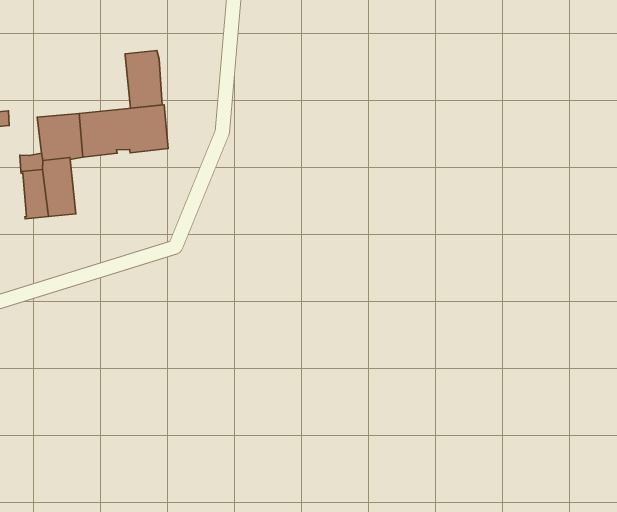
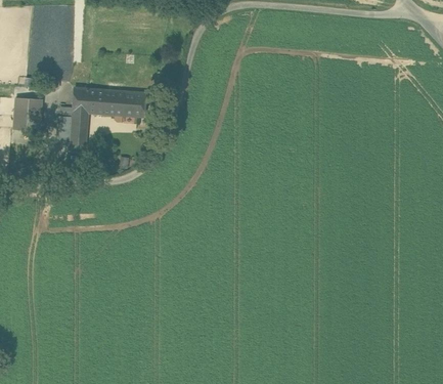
building: [125,50,162,108] -> none

